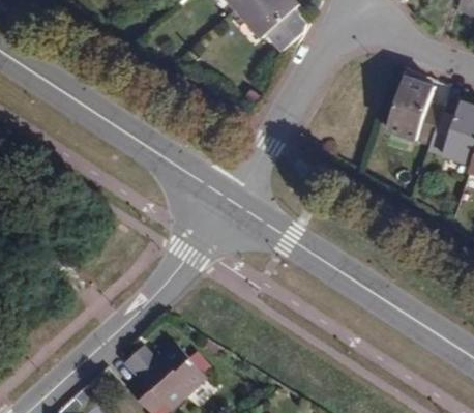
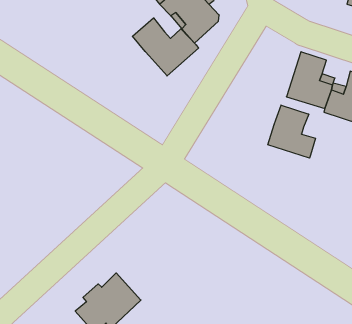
building: none -> [132,18,199,76]
building: none -> [268,105,315,158]

